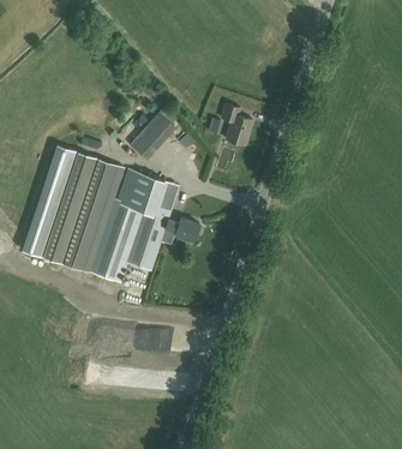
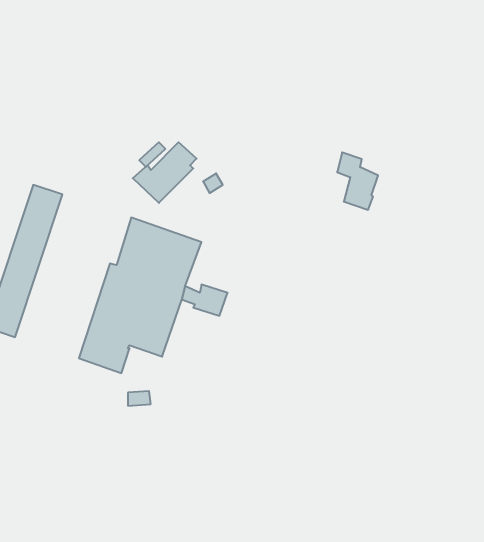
building: [221,104,251,146] -> [337,152,378,210]
building: [42,152,124,273] -> none

